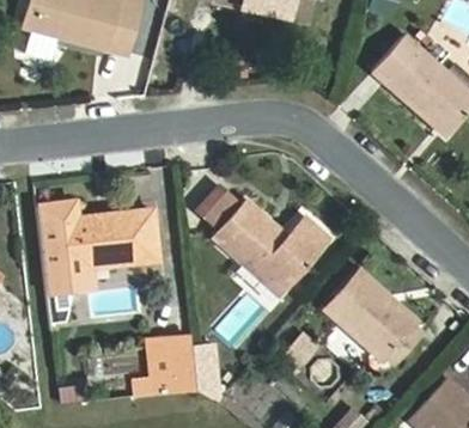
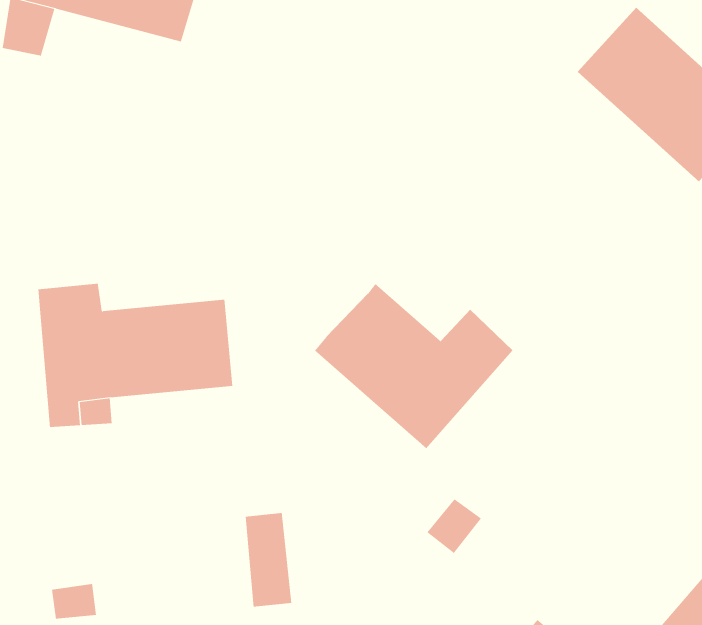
building: [195,183,243,231] -> none
building: [322,269,421,365] -> none
building: [136,340,173,397] -> none

